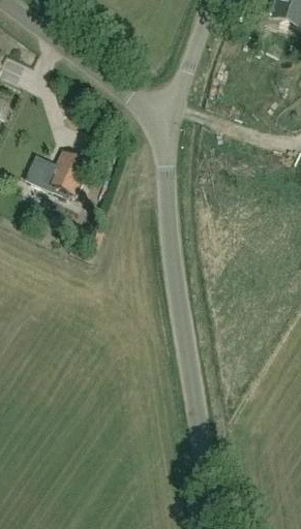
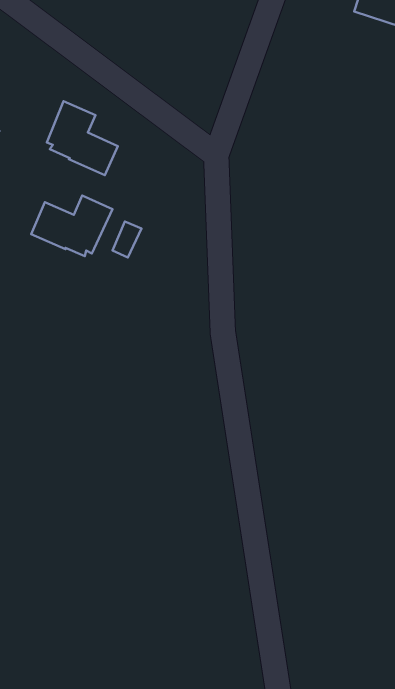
building: none -> [47,101,118,175]

